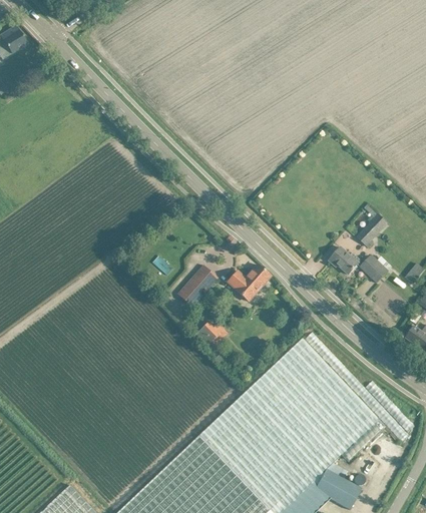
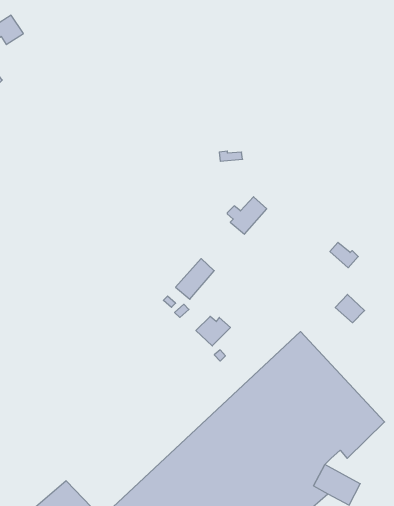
building: [356,214,387,248] -> none
building: [359,254,388,283] -> [335,294,365,323]
building: [231,265,270,302] -> [227,197,267,234]

